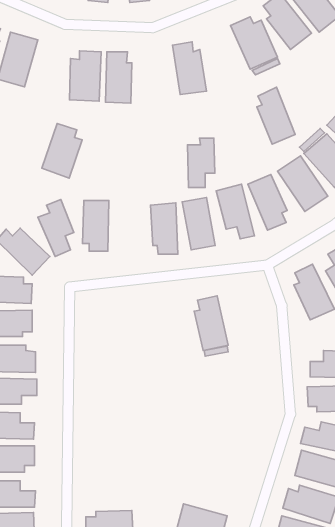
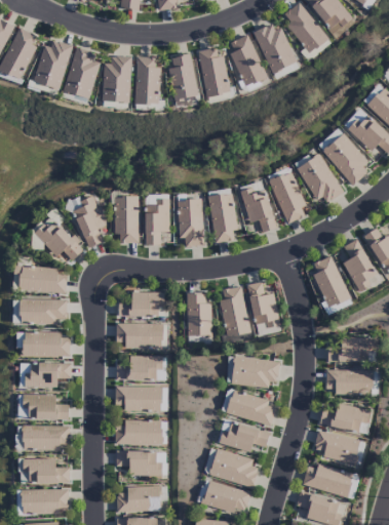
building: none -> [168,52,198,99]
building: [257,87,295,144] -> [230,34,266,87]
building: [42,123,82,178] -> [63,47,101,98]
building: [188,138,215,187] -> [144,199,169,245]
building: none -> [245,281,280,327]
building: none -> [117,291,164,317]
building: none -> [186,292,211,335]
building: none -> [116,323,163,349]
building: none -> [116,355,165,380]
building: none -> [231,357,279,388]
building: none -> [115,387,161,411]
building: none -> [226,390,276,426]
building: none -> [115,419,161,445]
building: none -> [218,419,270,452]
building: none -> [208,448,258,488]
building: none -> [116,450,166,476]

